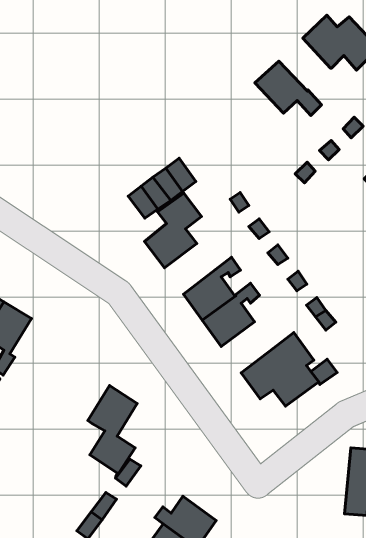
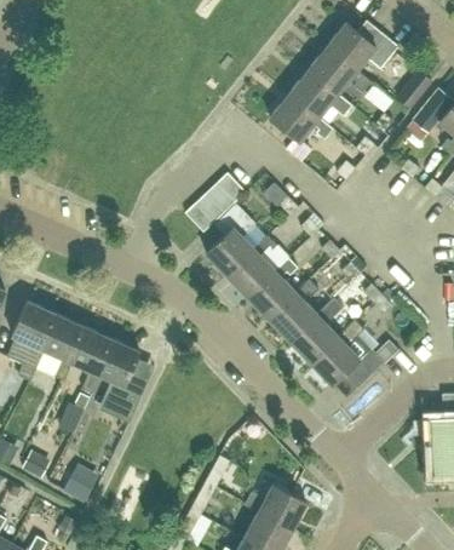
building: none -> [308,46,372,94]
building: none -> [270,93,333,142]
building: none -> [228,235,277,297]
building: none -> [289,297,343,362]
building: [88,385,137,478] -> [96,338,143,423]

